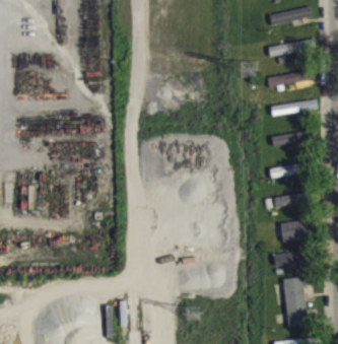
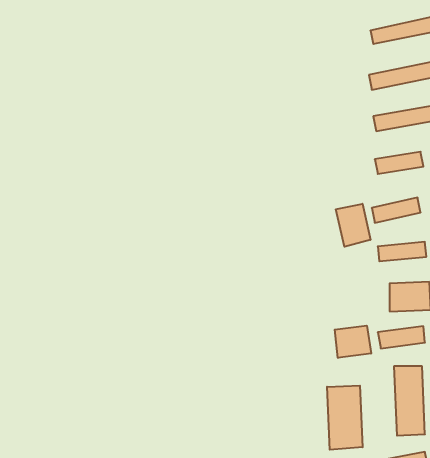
building: none -> [336,204,370,247]
building: none -> [335,326,371,358]
building: none -> [327,386,363,450]

